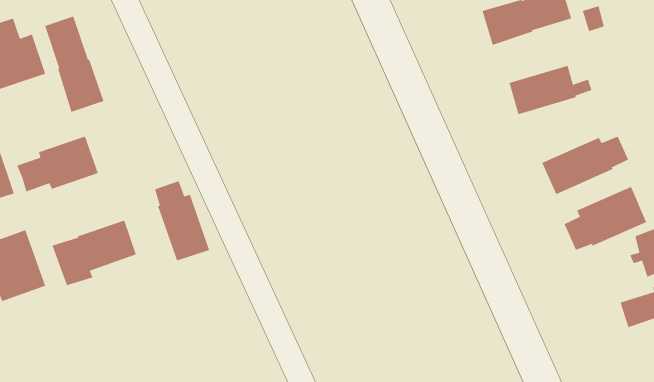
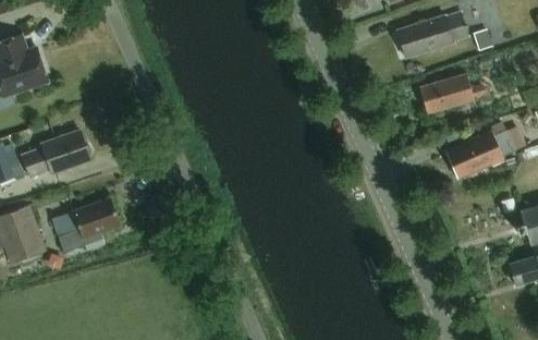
building: [44,16,104,113] -> none
building: [154,180,210,262] -> none
building: [564,186,647,251] -> none

